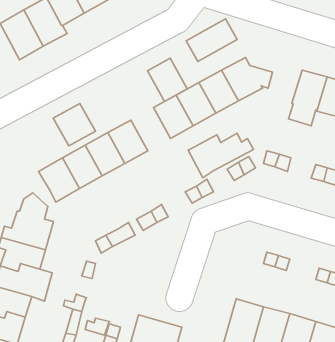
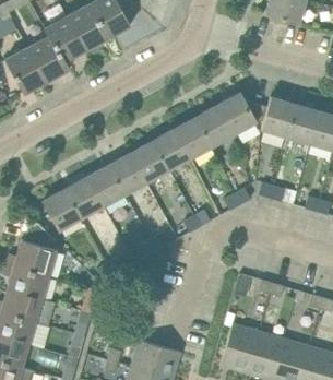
building: [186,19,237,61] -> none
building: [147,58,187,101] -> [131,141,169,182]
building: none -> [261,97,296,136]
building: [53,103,95,146] -> none
building: [188,133,254,178] -> none

